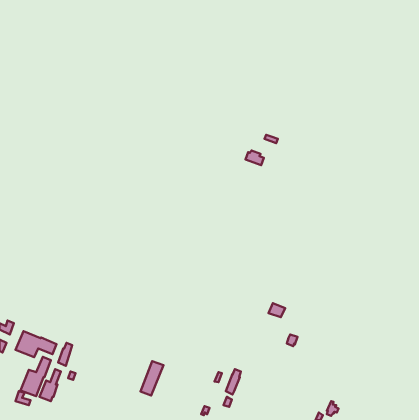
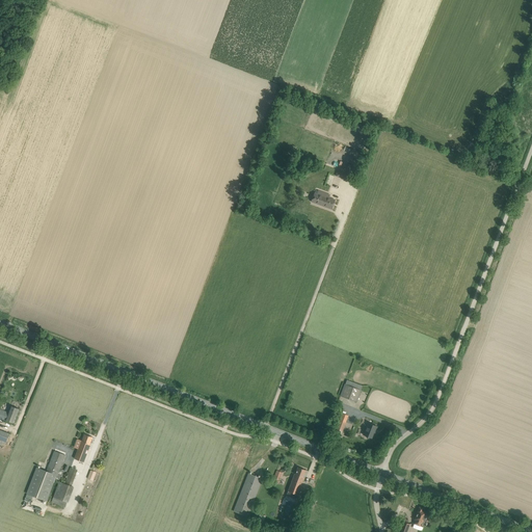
building: [16,331,56,357] -> none
building: [141,361,164,396] -> [233,473,262,516]

